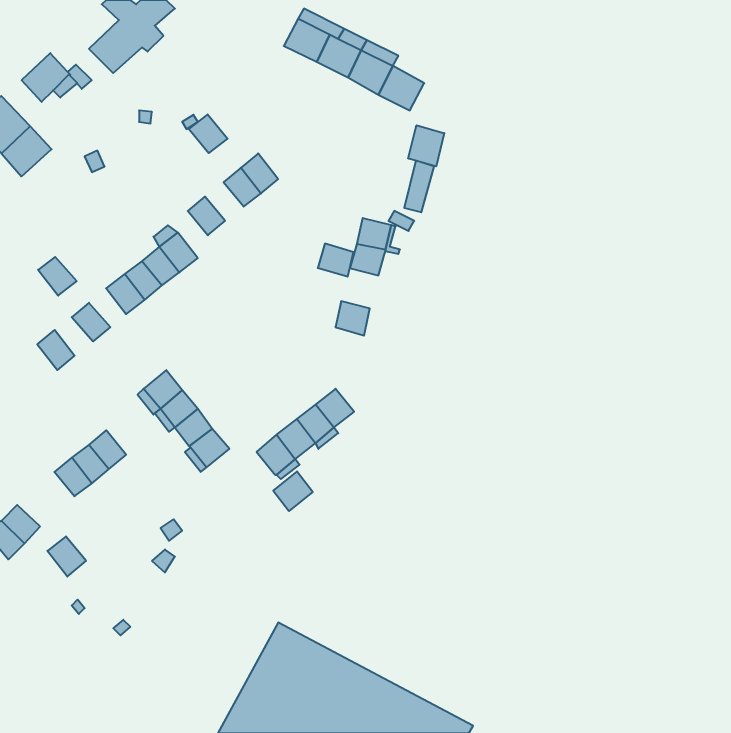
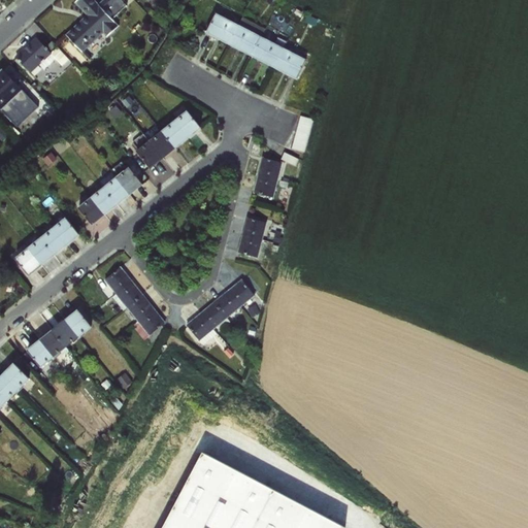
building: [189,114,228,153] -> [147,131,175,159]
building: [408,125,444,166] -> none
building: [318,244,354,277] -> [236,235,262,259]
building: [38,257,77,296] -> [39,228,67,256]
building: none -> [13,248,41,276]
building: [273,471,313,511] -> none
building: [47,536,86,577] -> [26,339,54,368]

